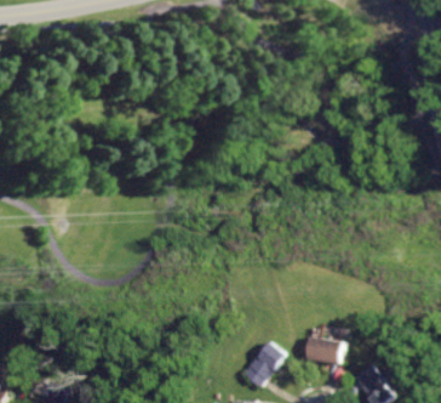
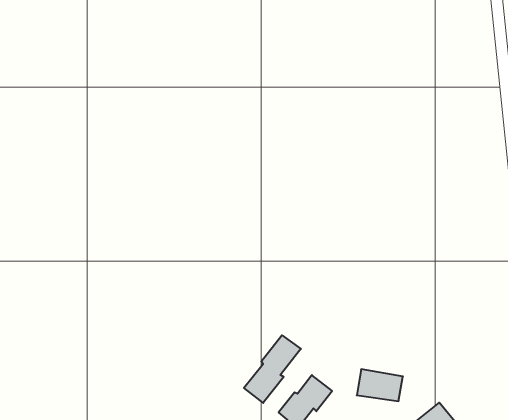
building: none -> [244,335,301,403]

